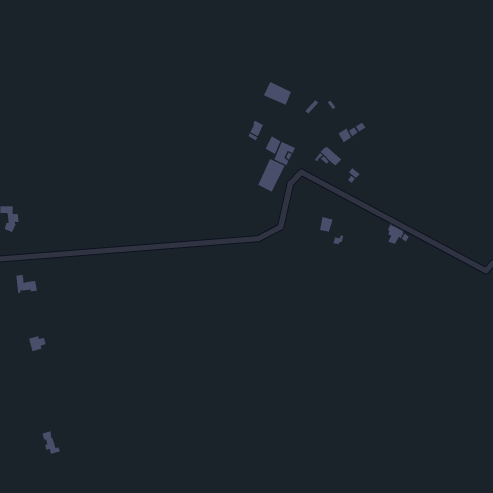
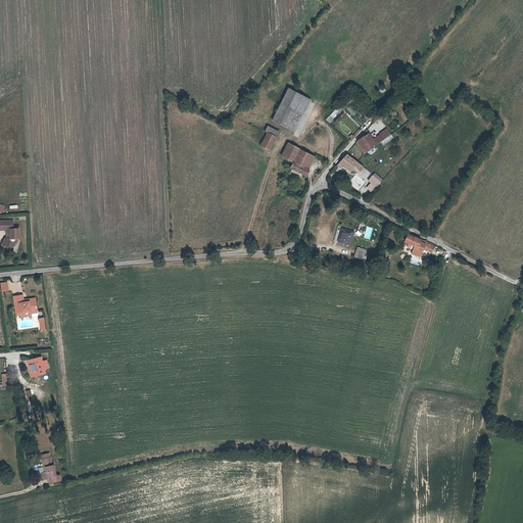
building: none -> [272,102,302,129]
building: [257,158,286,193] -> none

